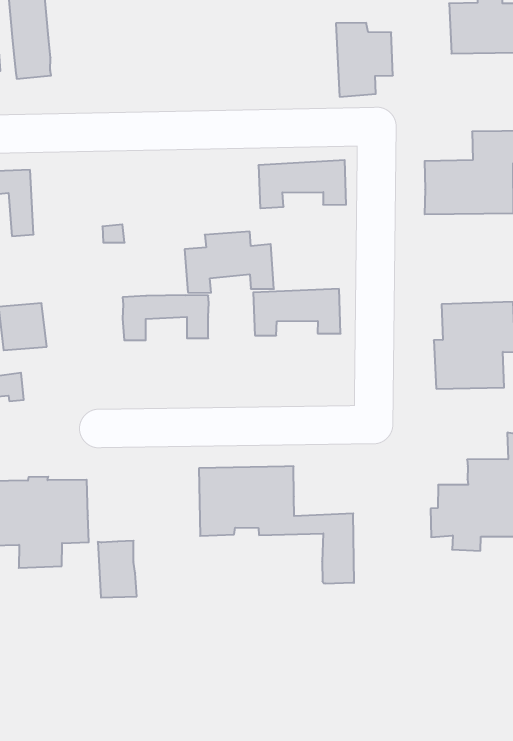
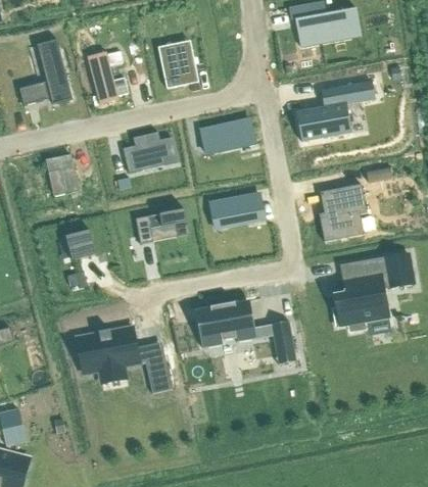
building: none -> [88,58,129,103]
building: [336,23,393,97] -> [157,43,195,88]
building: [185,232,274,293] -> [122,131,177,172]

